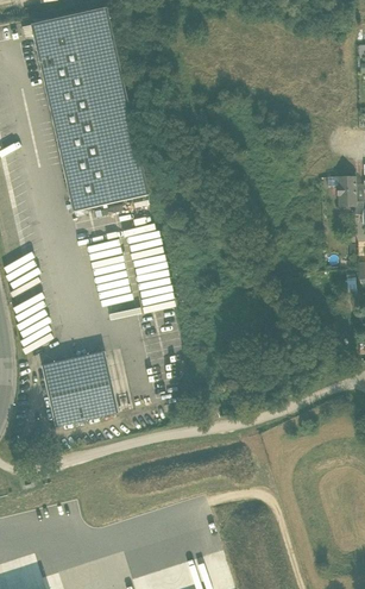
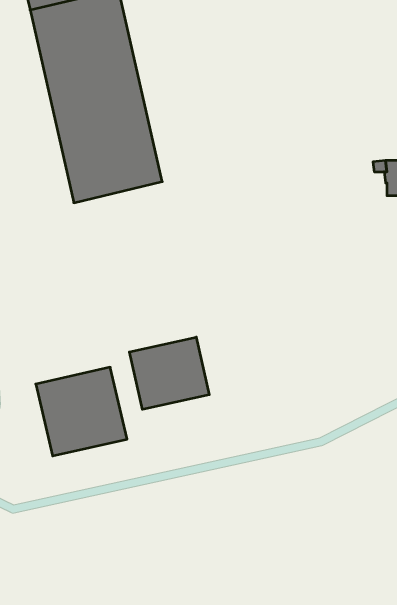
building: none -> [129,337,209,409]

